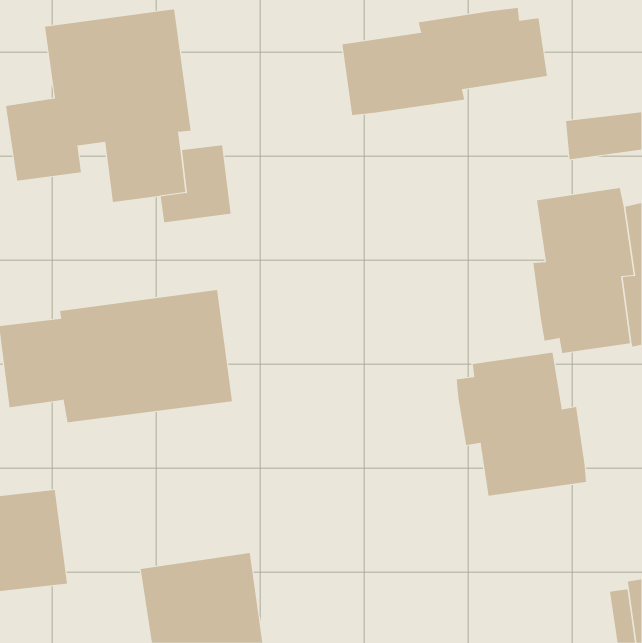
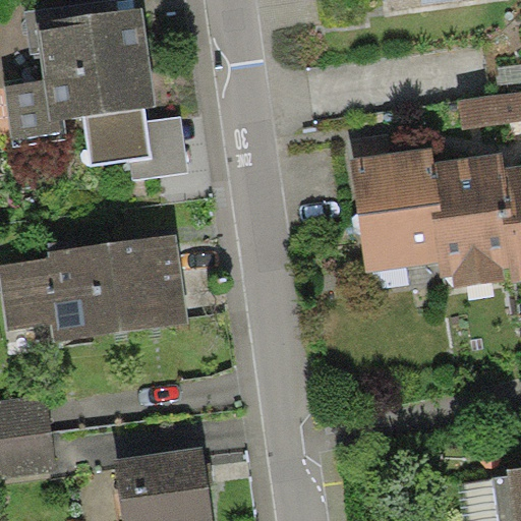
building: [342,7,548,116] -> none
building: none -> [350,146,441,270]
building: [456,352,586,496] -> none

